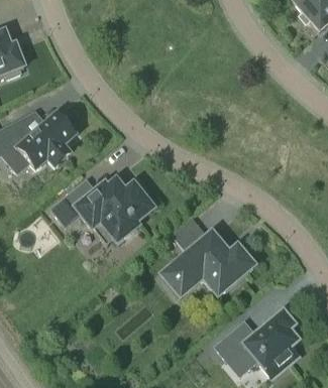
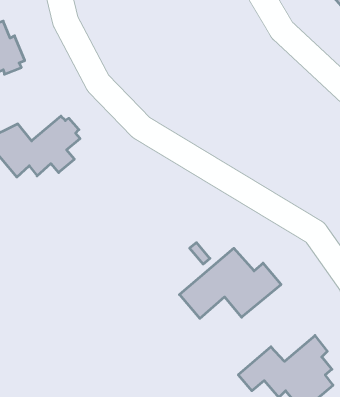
building: [50,179,152,239] -> none

